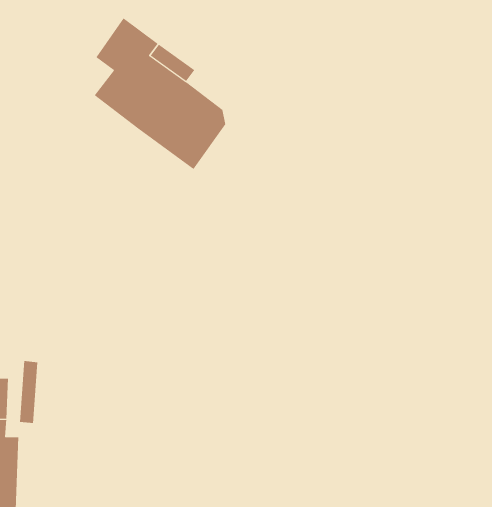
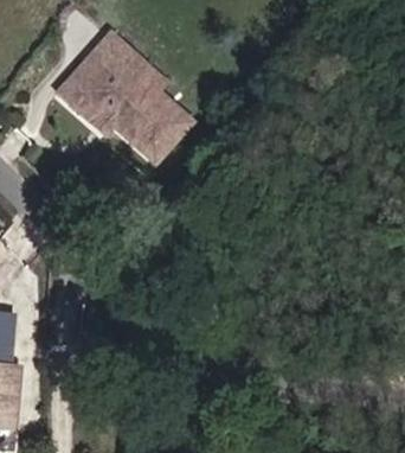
building: none -> [57,65,114,133]

